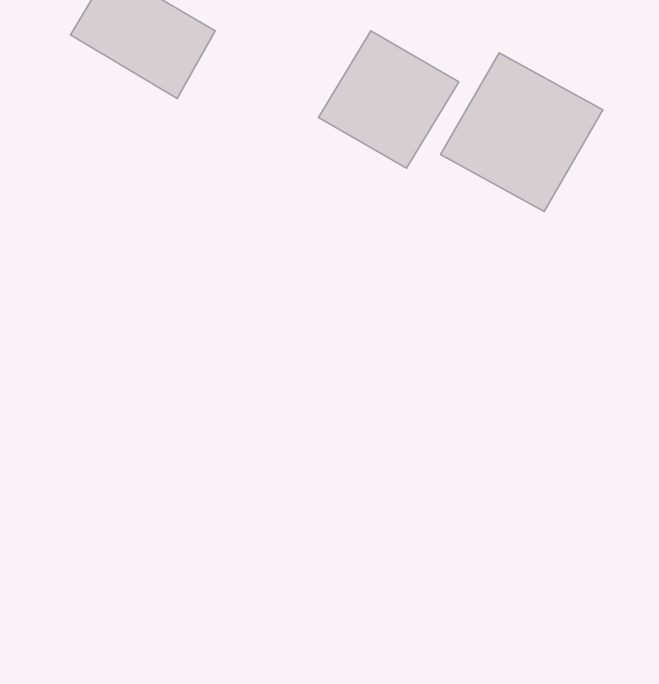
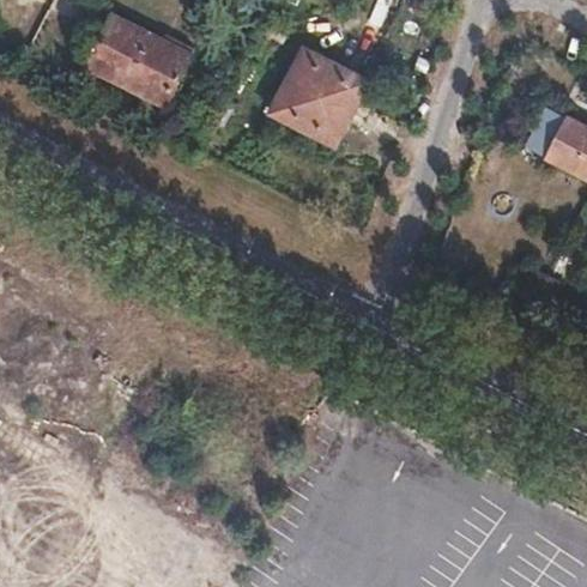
building: [441,53,603,212] -> none

